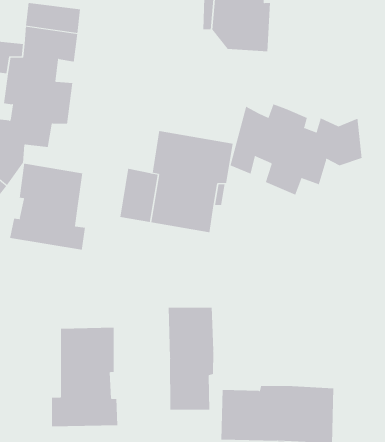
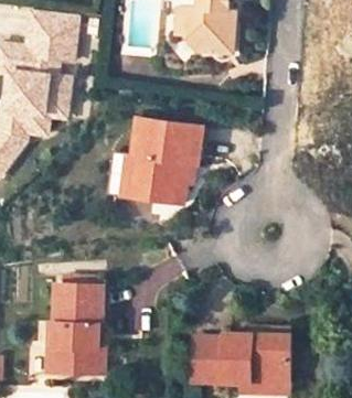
building: [230,103,362,195] -> none
building: [9,163,85,250] -> none
building: [168,307,214,411] -> none

